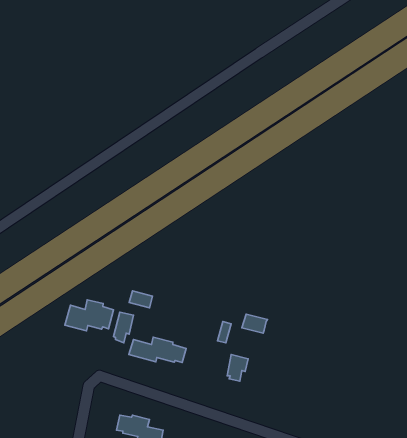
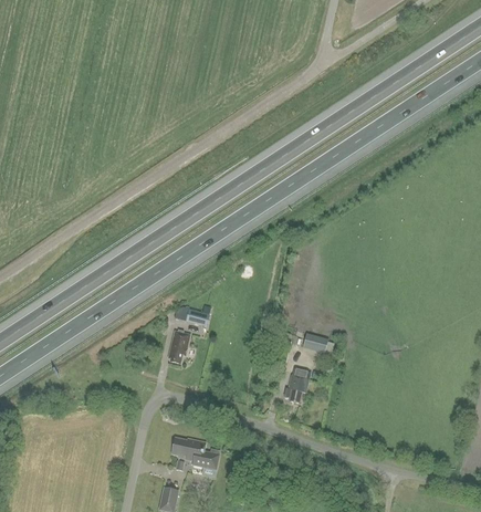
building: [65,300,114,331] -> none
building: [129,337,186,363] -> none

